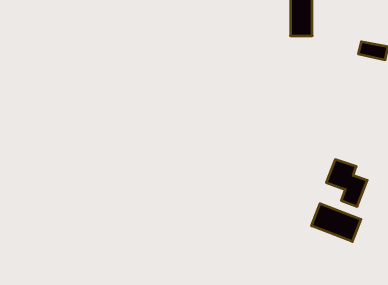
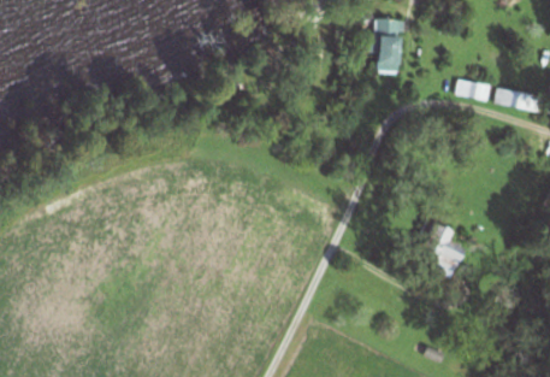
building: [312,204,361,242] -> none

